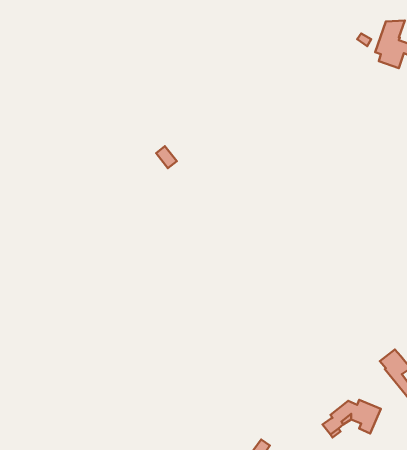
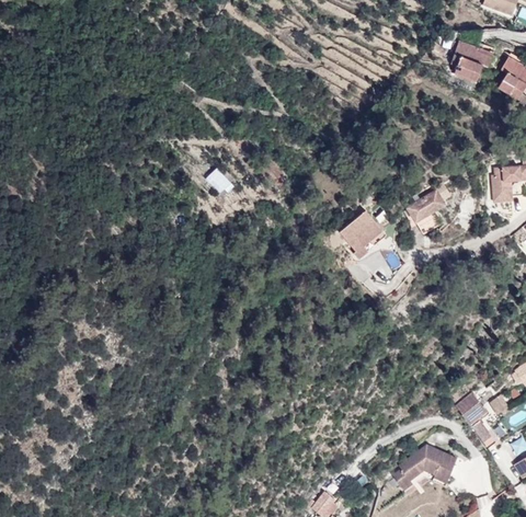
building: none -> [405,189,444,234]
building: none -> [339,209,386,258]

